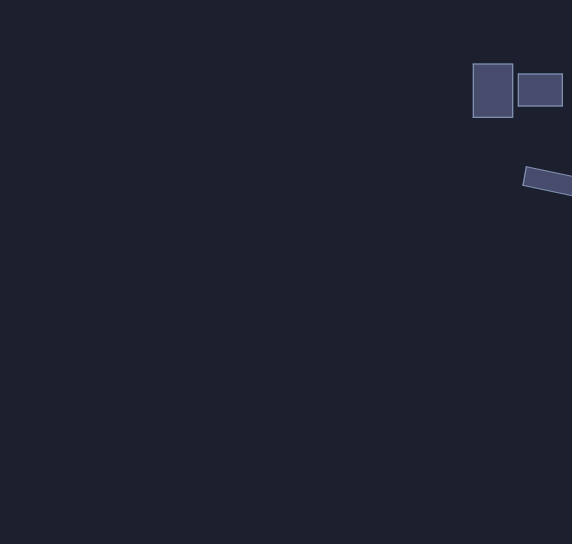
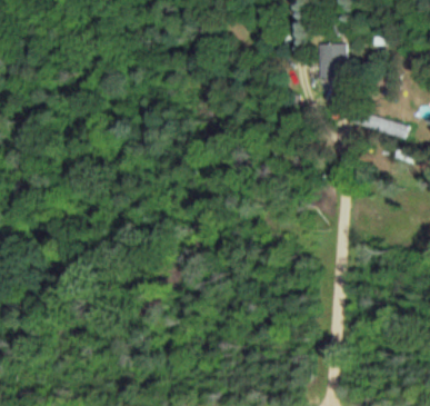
building: [518,74,562,106] -> none

